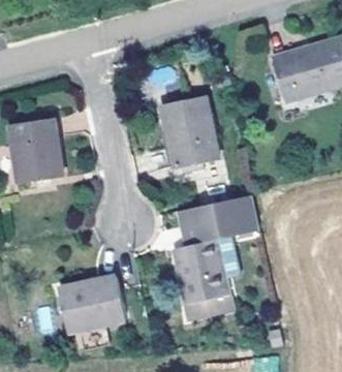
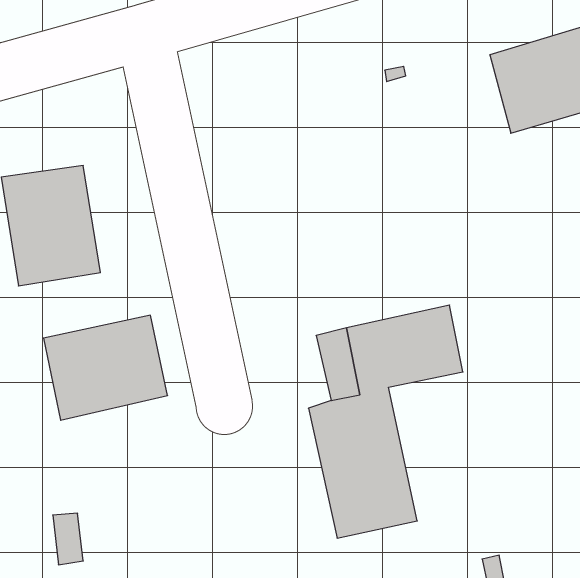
building: [161,95,217,167] -> none
building: [57,276,124,333] -> [43,315,168,420]

